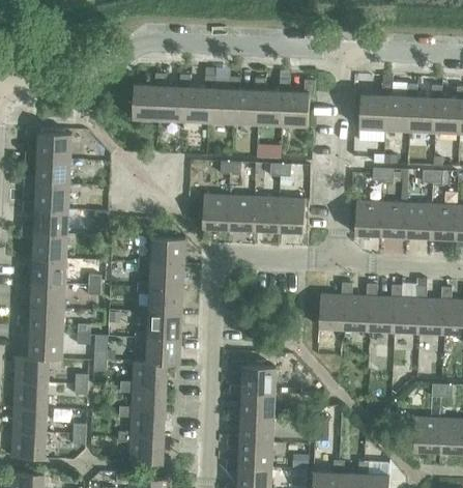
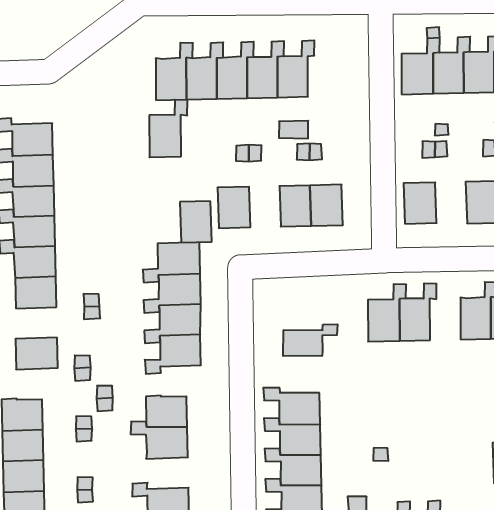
building: [132,74,166,120] -> [149,100,188,157]
building: [282,81,315,126] -> none
building: [228,196,254,230] -> [180,201,212,242]
building: [380,202,406,237] -> none
building: [30,283,65,309] -> none
building: [369,285,402,332] -> none
building: none -> [283,324,338,356]
building: [28,333,63,360] -> none
building: [146,338,180,365] -> none
building: [118,407,165,438] -> none

